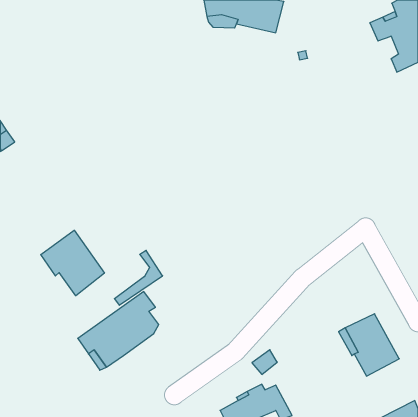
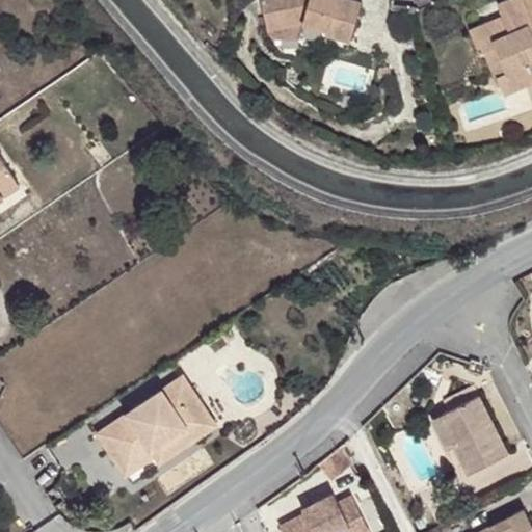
building: [41,230,104,296] -> none
building: [114,250,163,305] -> [157,392,218,461]

